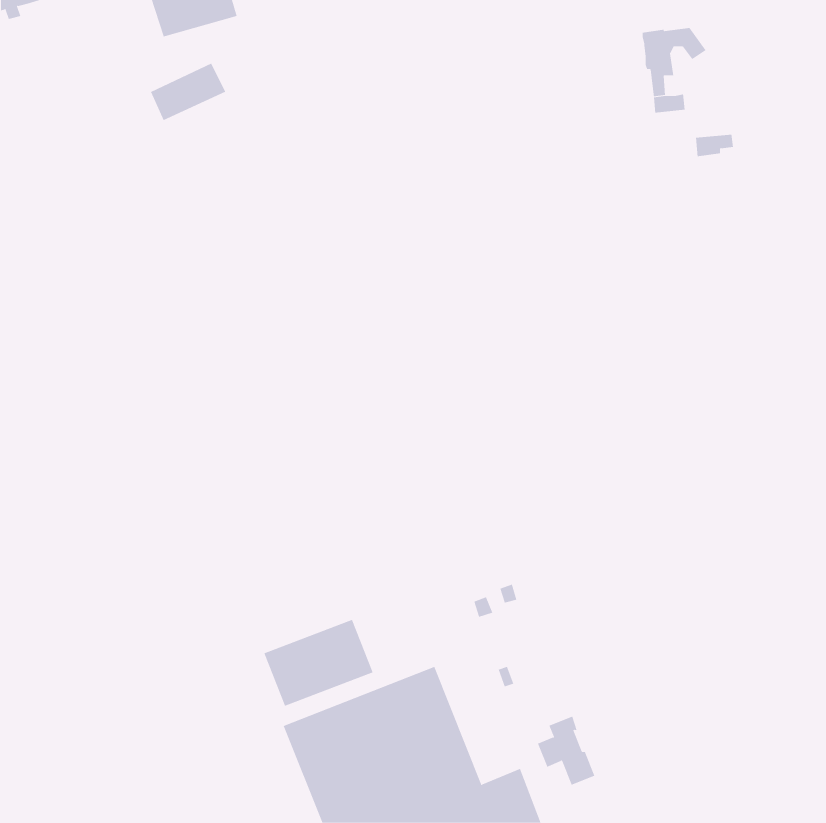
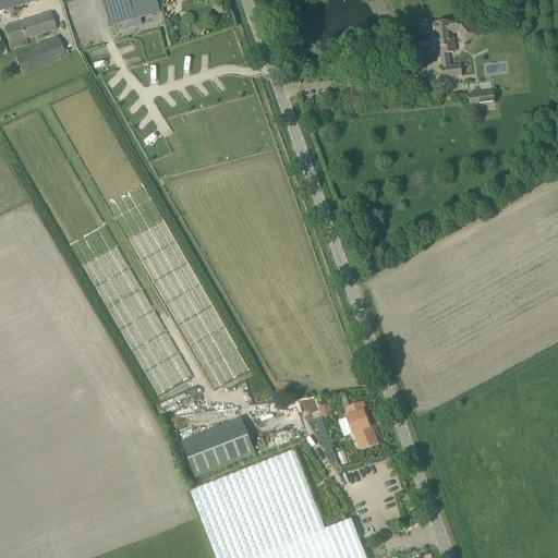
building: none -> [4,12,57,49]
building: [150,63,226,121] -> [15,35,66,74]
building: [537,716,595,785] -> [338,401,377,448]

